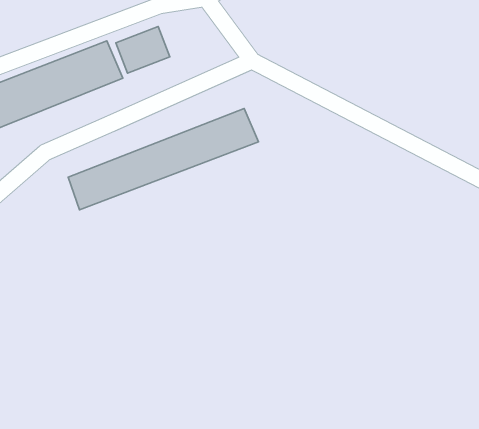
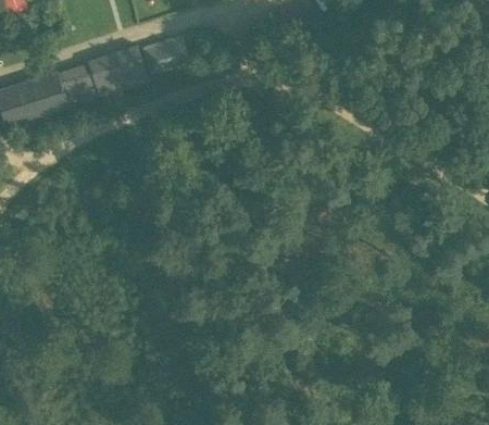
building: [68,108,258,210] -> none

